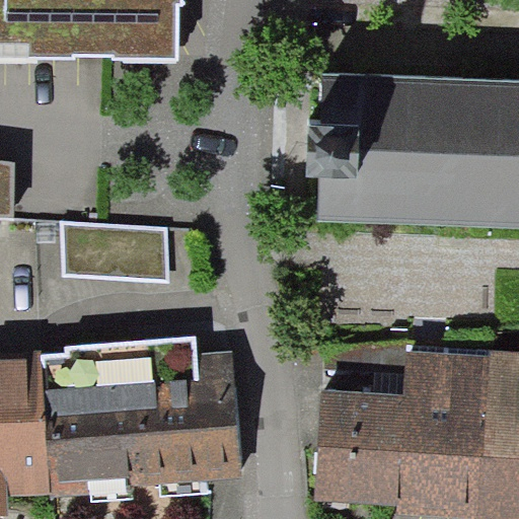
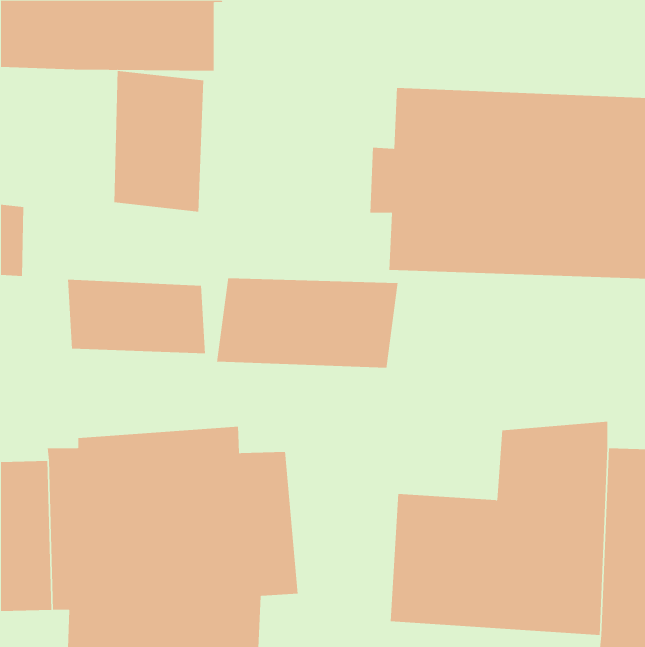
building: none -> [114,70,204,212]
building: none -> [217,278,398,369]

